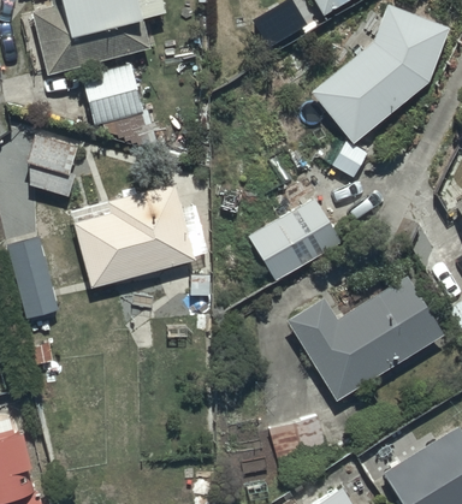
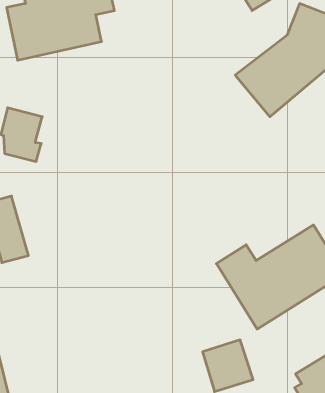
building: [82,65,144,125] -> none
building: [71,186,206,287] -> none
building: [251,200,339,281] -> none

